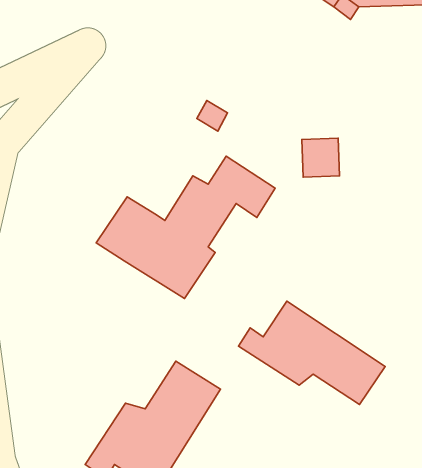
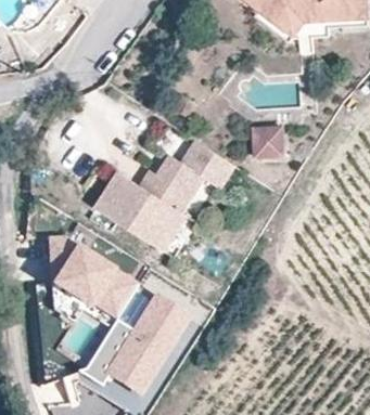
building: none -> [44,238,143,329]
building: [239,301,385,404] -> none

